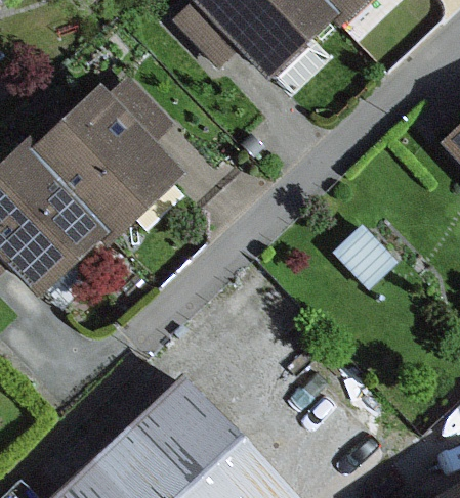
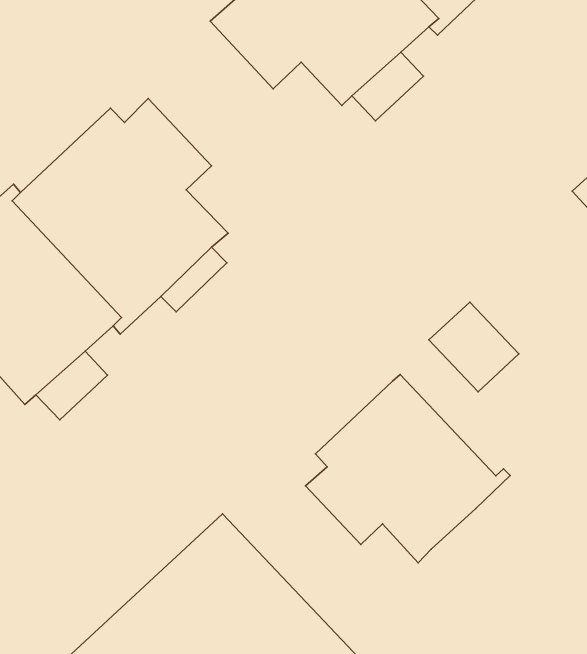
building: none -> [305,374,510,563]

